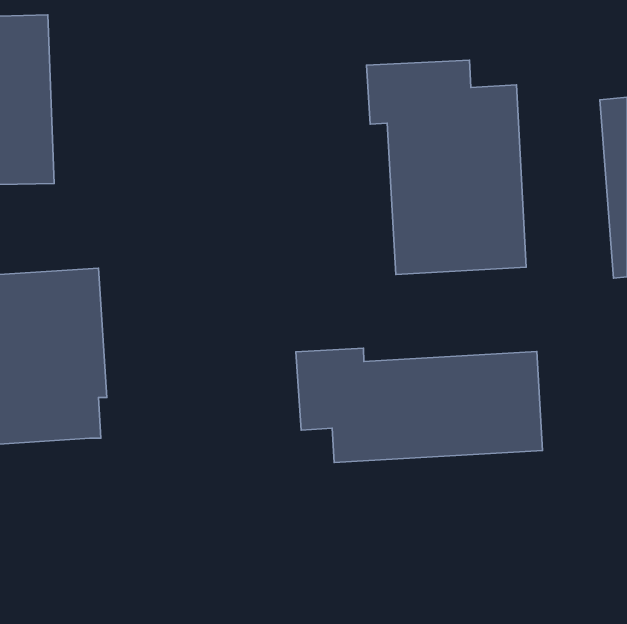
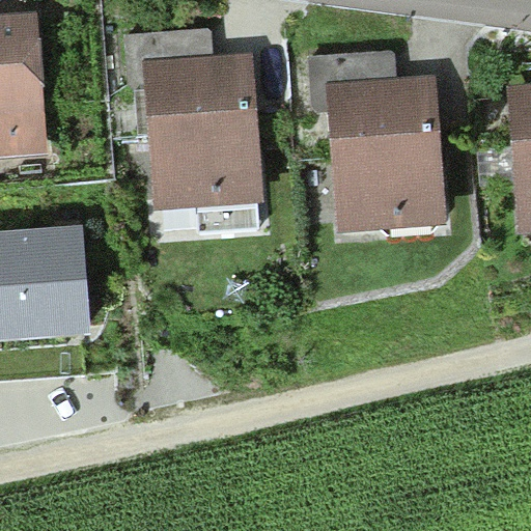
building: none -> [125,28,264,211]
building: [296,348,543,463] -> none

